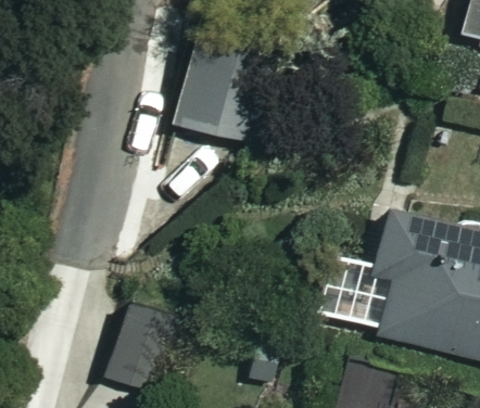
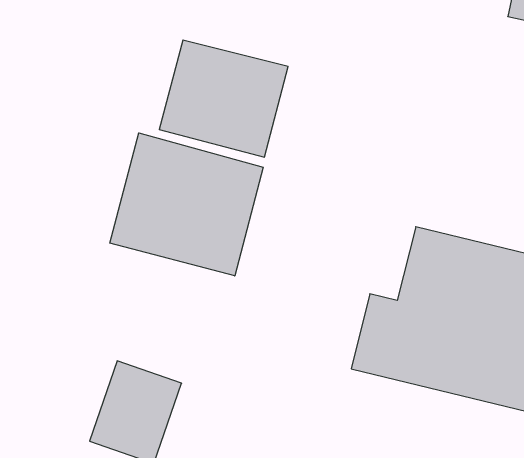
building: none -> [110,133,263,276]

